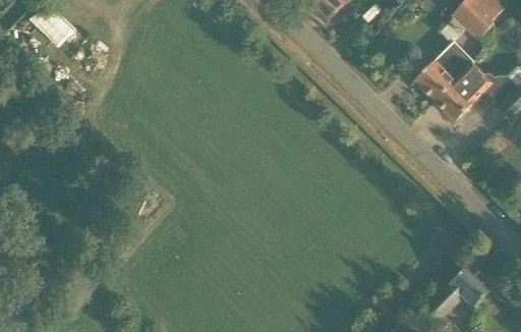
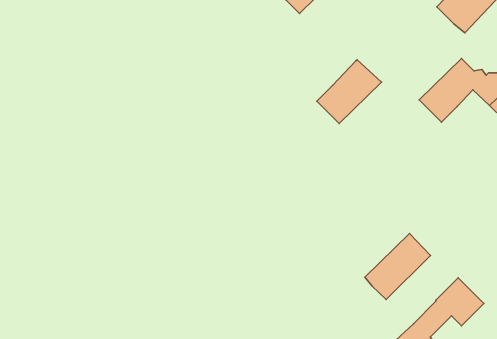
building: [415,40,474,98] -> [317,60,382,123]
building: none -> [365,233,430,299]

